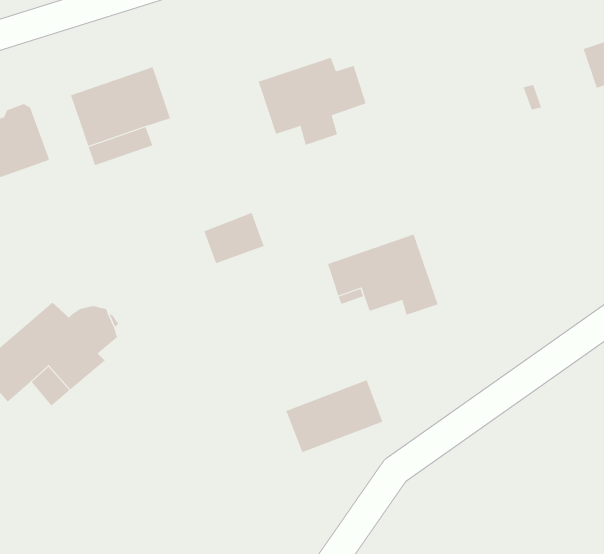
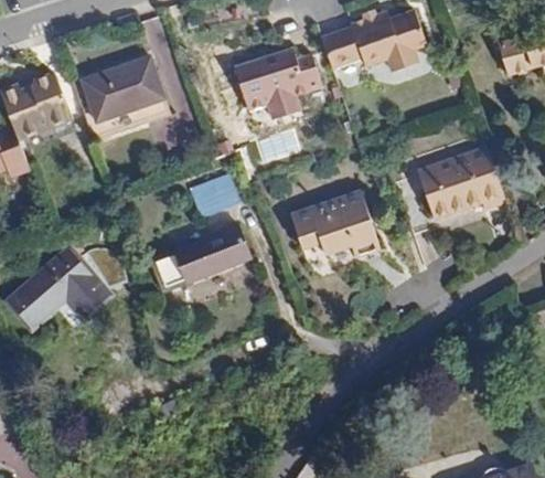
building: none -> [321,10,425,68]
building: none -> [396,149,505,234]
building: [285,380,383,453] -> [172,224,252,284]

